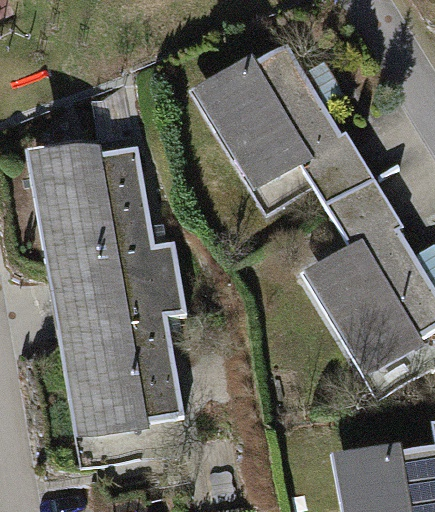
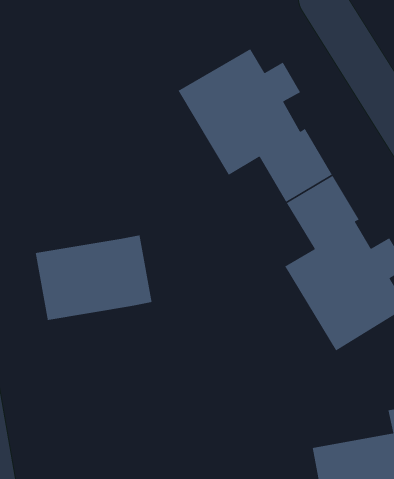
building: [37,135,143,264] -> none
building: [66,320,175,442] -> none

